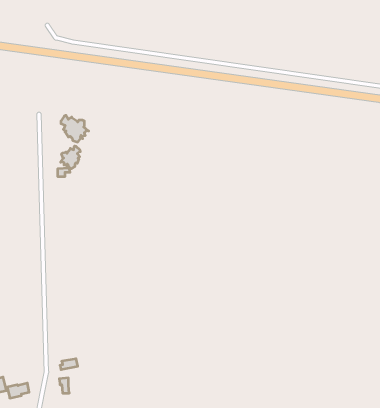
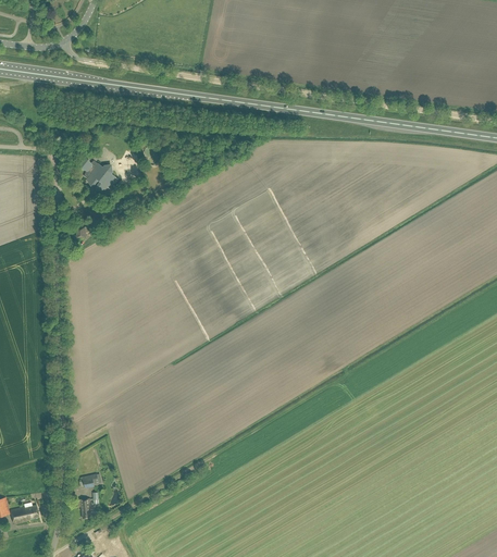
building: [61,146,80,169] -> none

